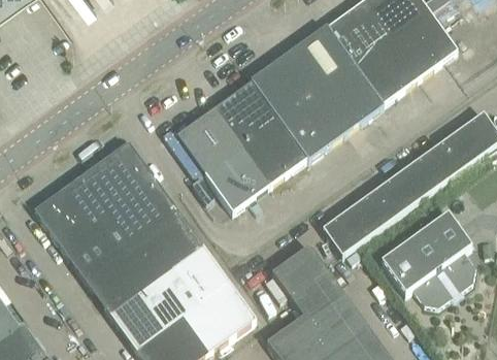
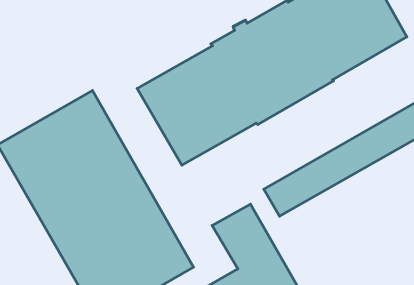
building: [380,210,475,304] -> none

